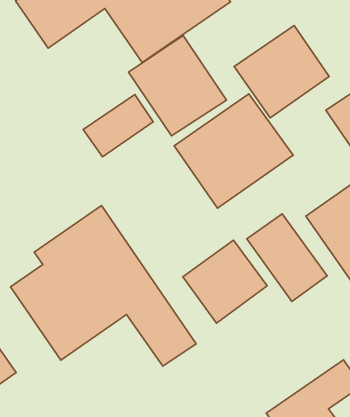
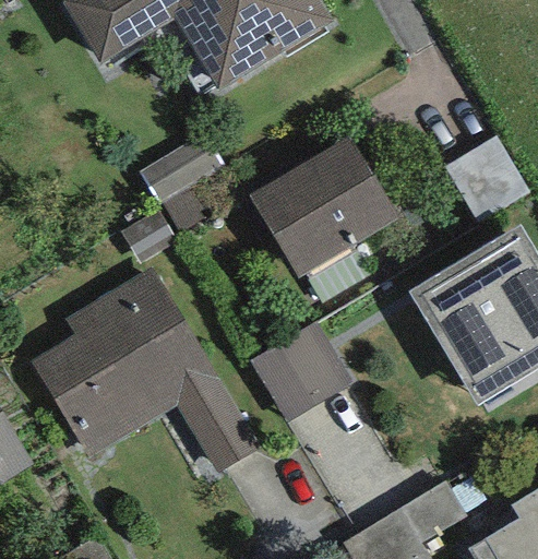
building: [234,25,329,118] -> none
building: [129,35,226,136] -> none
building: [247,214,327,301] -> none

